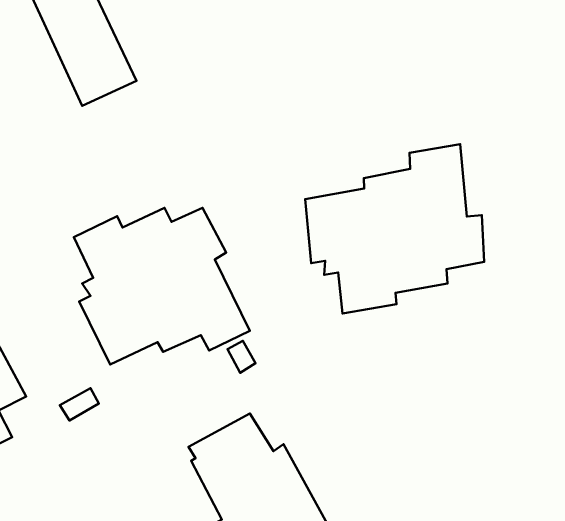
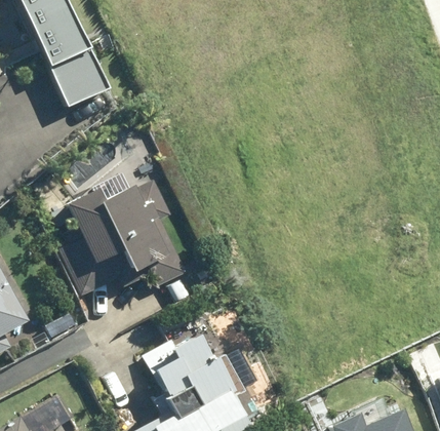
building: [305,144,484,314] -> none

